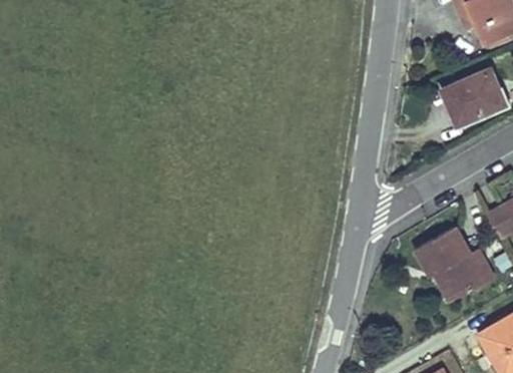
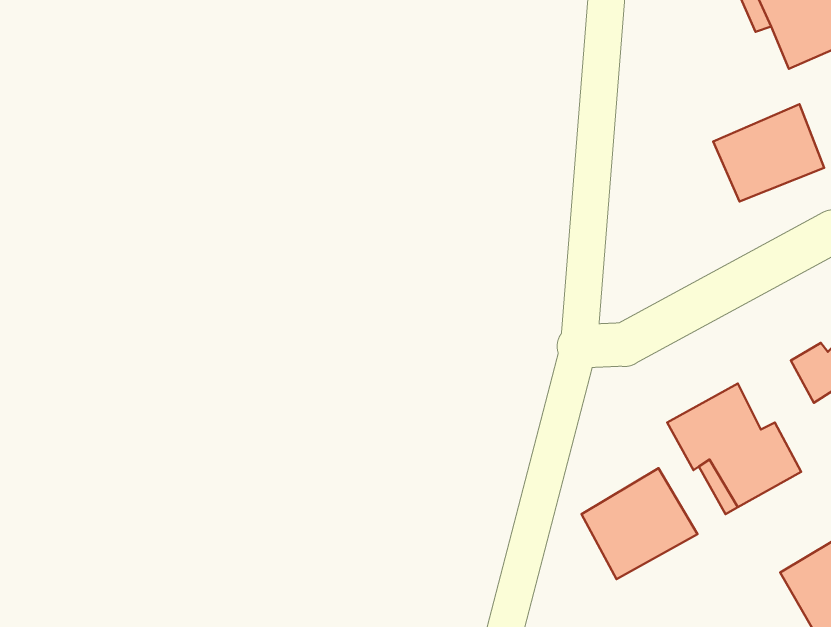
building: none -> [581,468,698,579]

